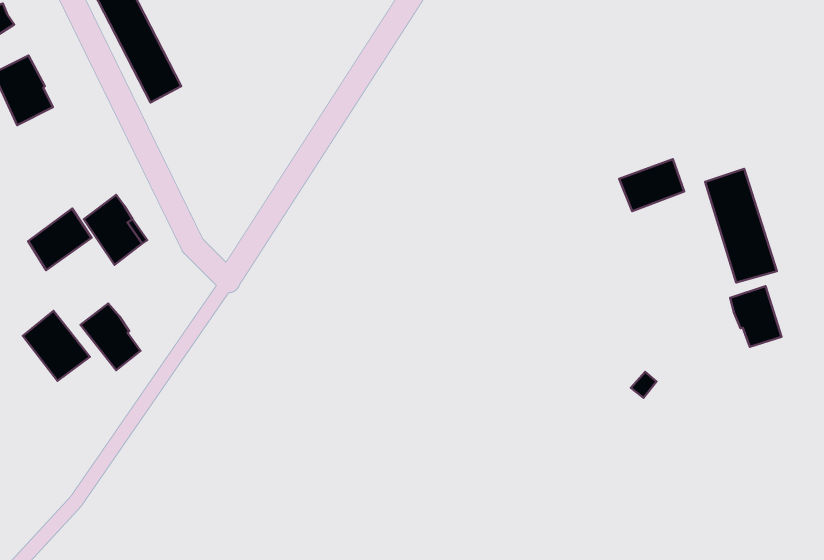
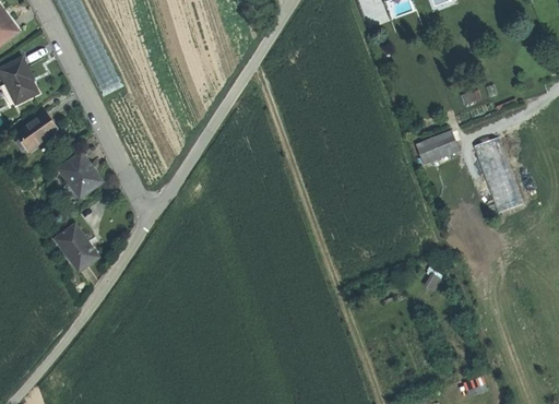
building: [28,209,92,270] -> [16,109,59,151]
building: [730,286,782,347] -> none
building: [23,311,90,381] -> none

